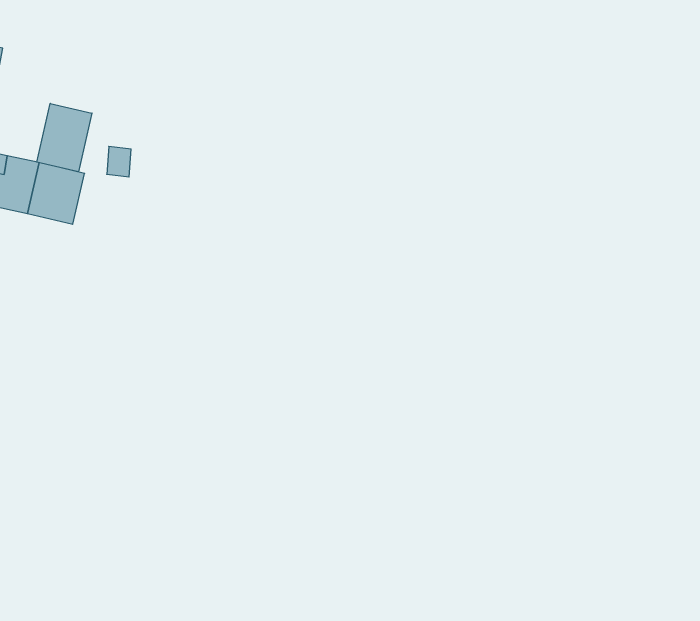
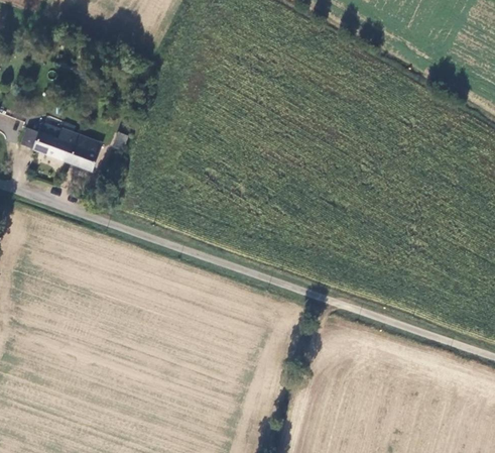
building: [37,103,92,172] -> none

